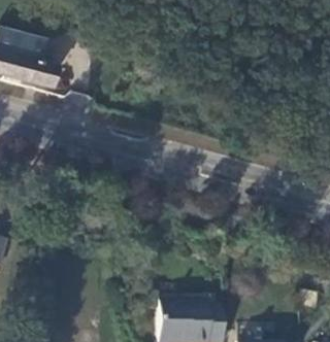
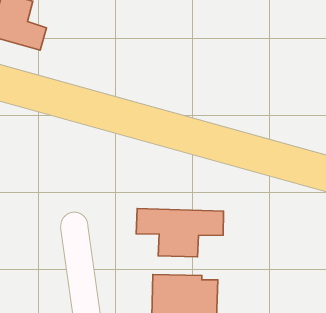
building: none -> [136,209,224,257]

